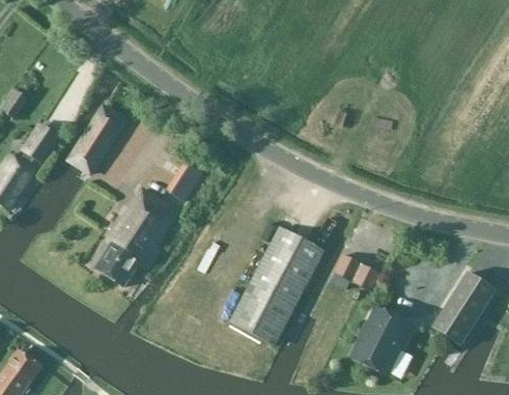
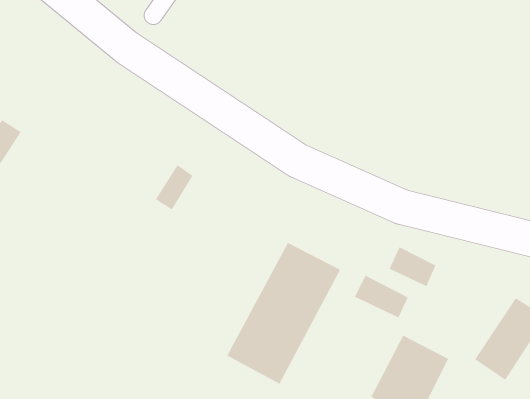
building: [70,107,125,173] -> none
building: [98,189,177,281] -> none
building: none -> [388,246,437,287]

